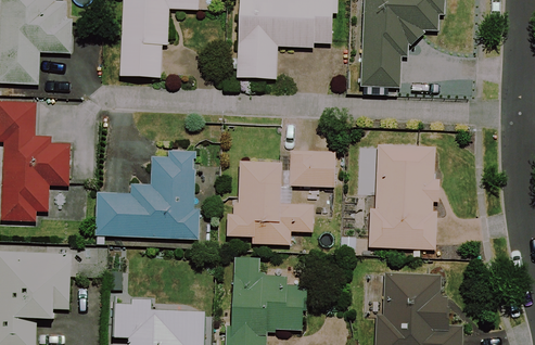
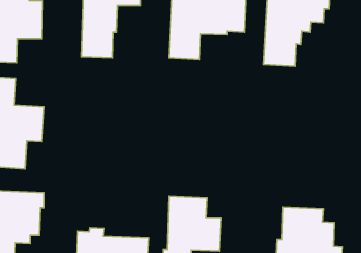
building: [369,145,442,248] -> none
building: [97,150,199,240] -> none
building: [289,151,339,187] -> none
building: [227,163,315,244] -> none

